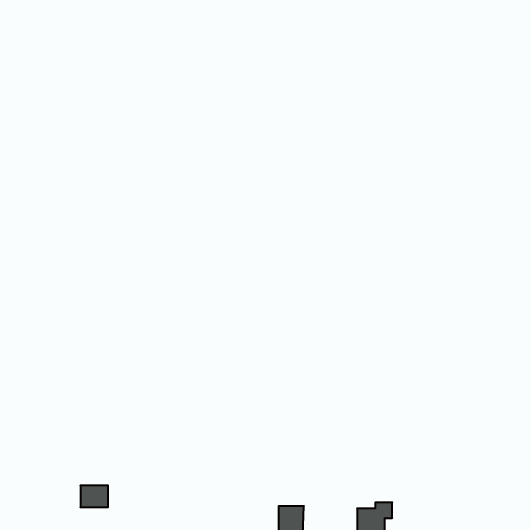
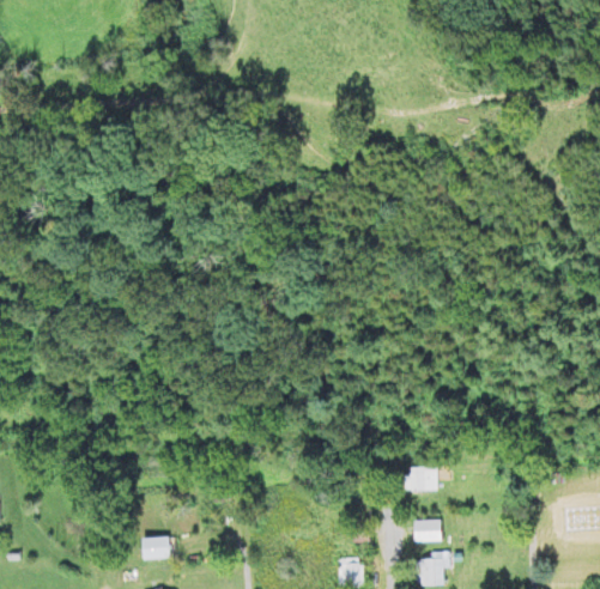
building: none -> [411,466,436,490]
building: none -> [413,520,441,541]

